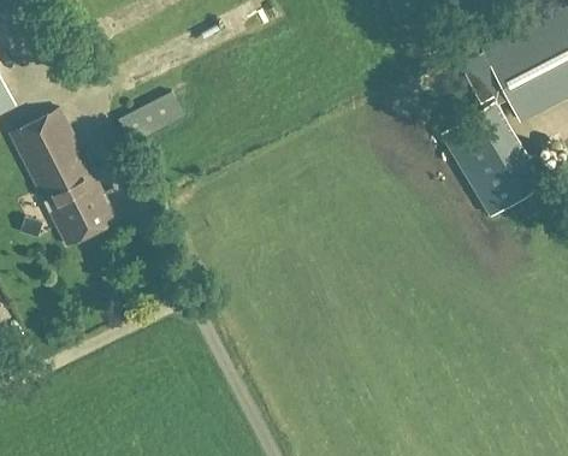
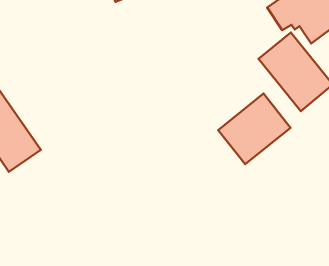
building: [119,94,183,143] -> none
building: none -> [218,94,291,164]

